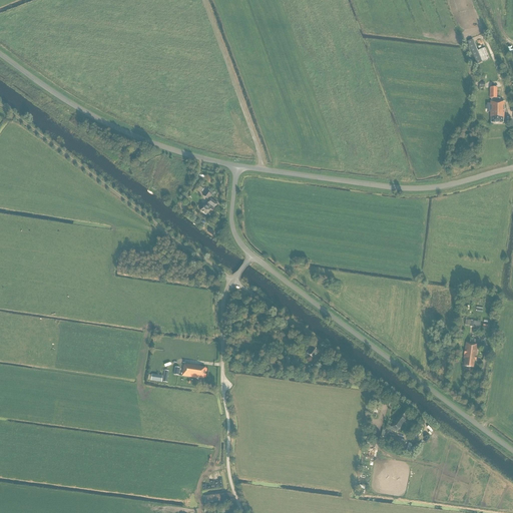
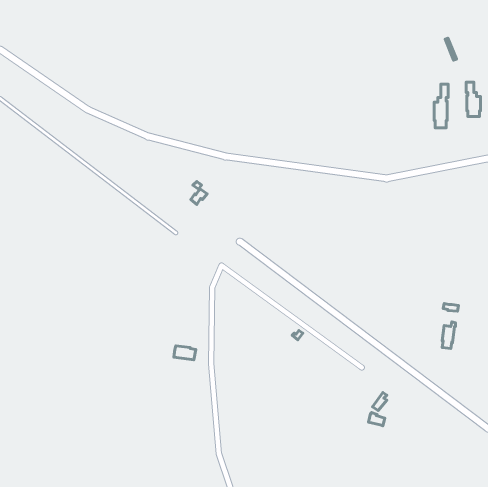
building: none -> [434,84,448,128]

